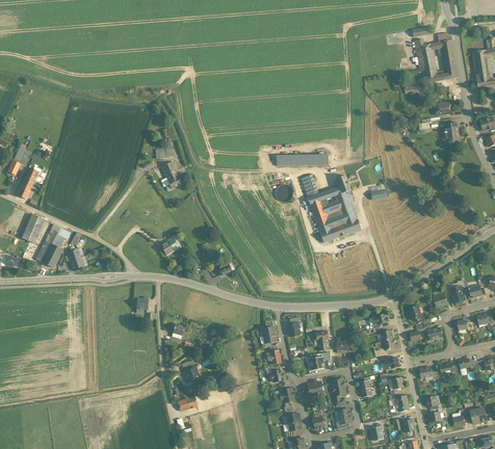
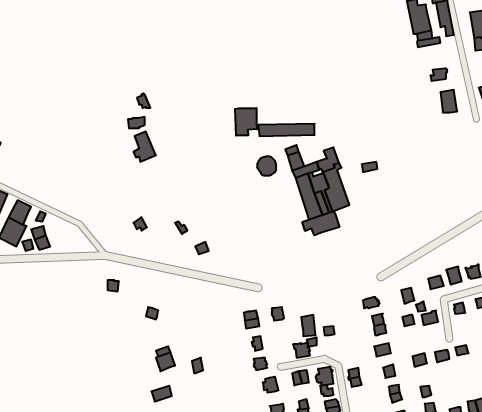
building: none -> [235,108,257,136]
building: none -> [302,211,339,235]

